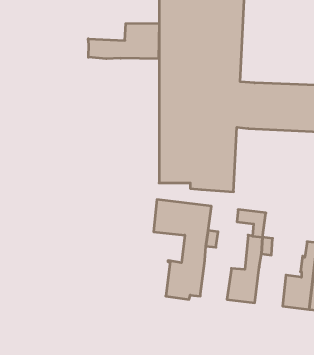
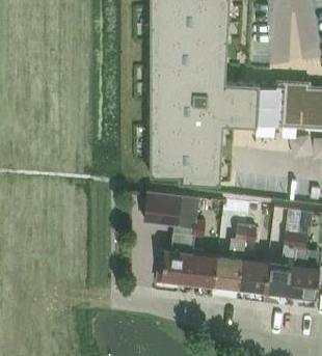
building: [88,23,159,59] -> none
building: none -> [188,250,217,291]
building: none -> [239,256,268,297]

